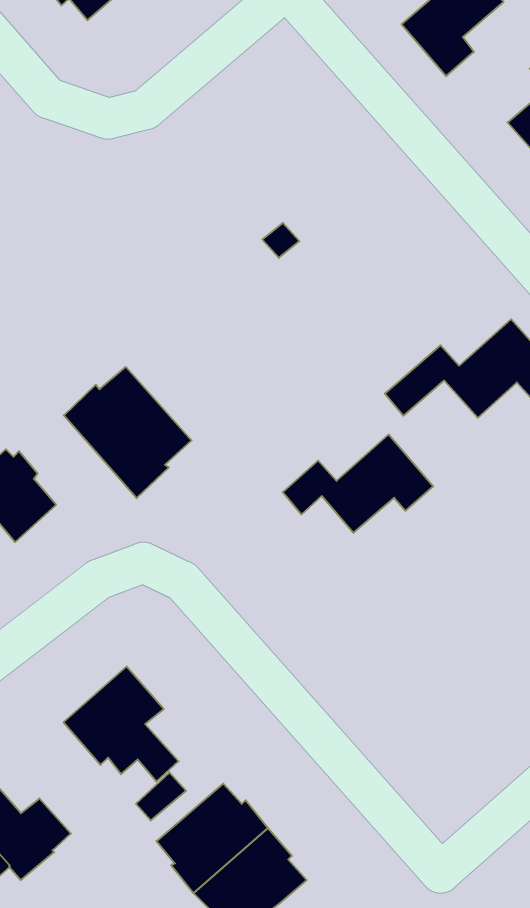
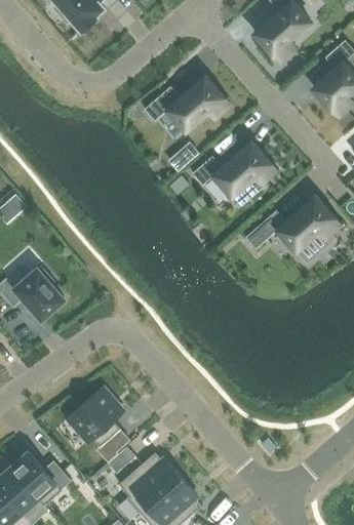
building: none -> [146,77,230,131]
building: [64,367,192,498] -> none
building: [283,435,433,533] -> [193,143,276,197]

